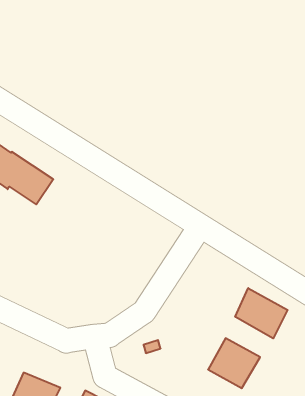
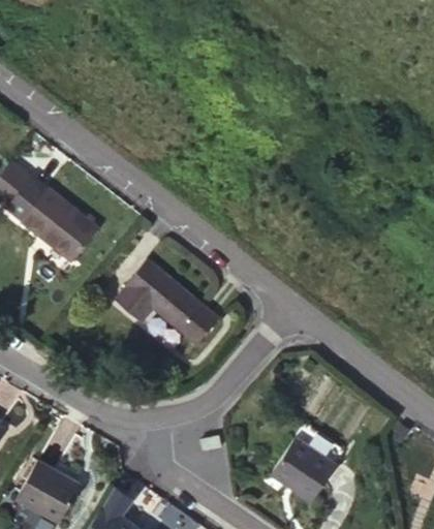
building: none -> [111,262,217,346]
building: [235,288,288,338] -> none

